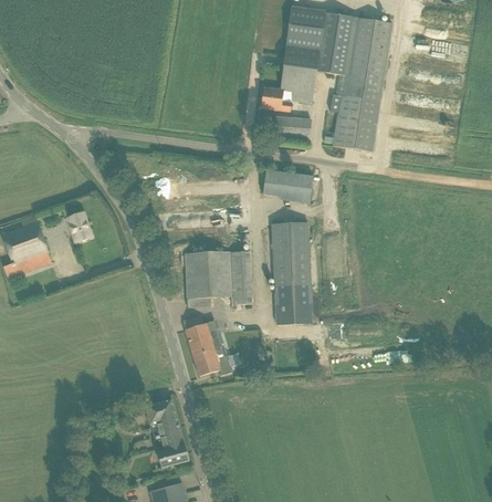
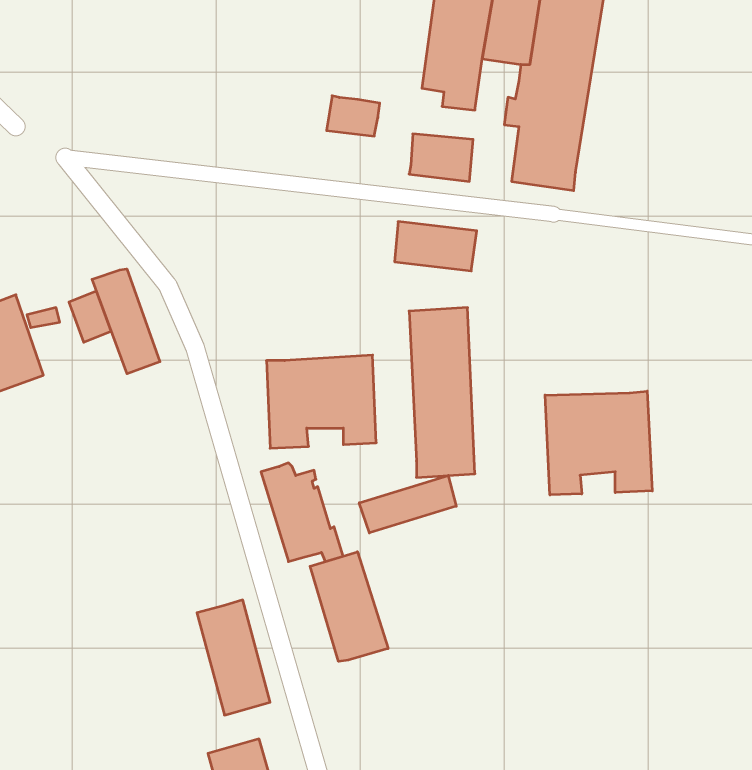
building: [261,86,293,111] -> [327,96,380,136]
building: none -> [92,269,160,374]
building: none -> [545,391,652,495]
building: none -> [359,475,456,533]
building: none -> [310,552,388,661]

